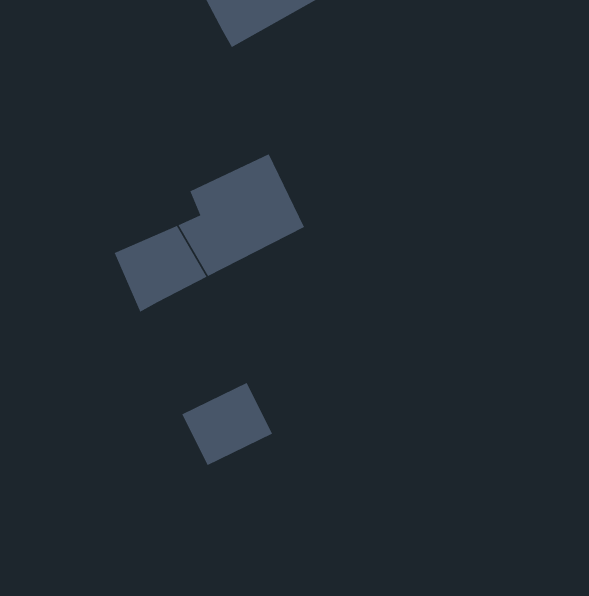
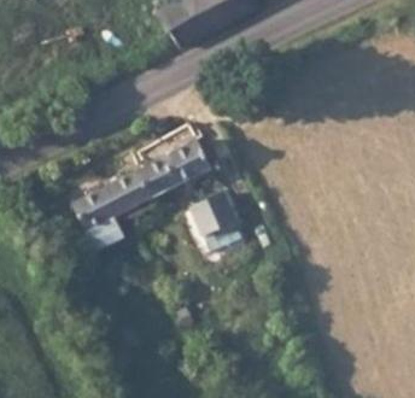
building: none -> [66,182,115,234]
building: [181,382,273,466] -> [188,193,244,244]

